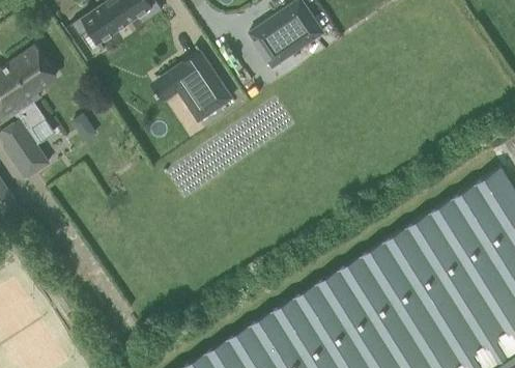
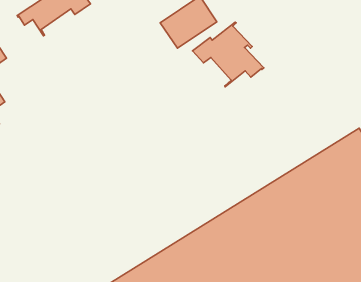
building: none -> [192,22,264,87]
building: [152,47,233,123] -> none

